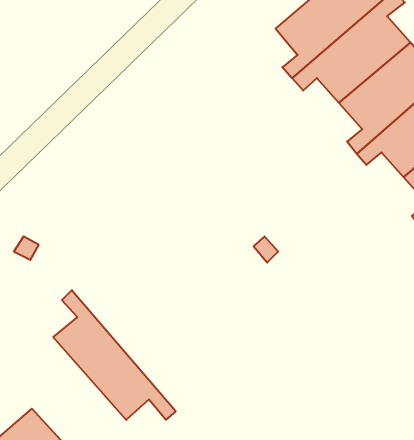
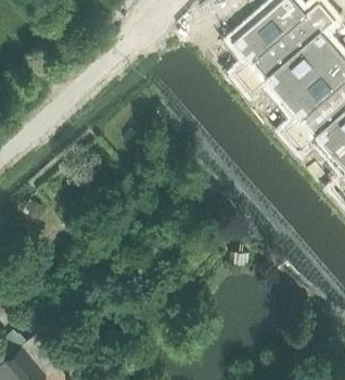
building: [53,290,176,420] -> none

